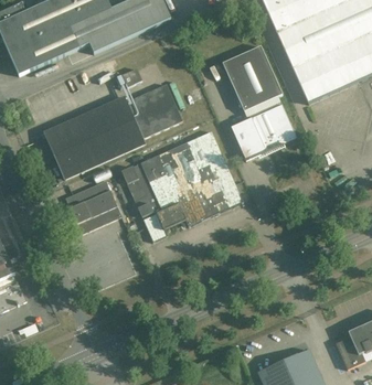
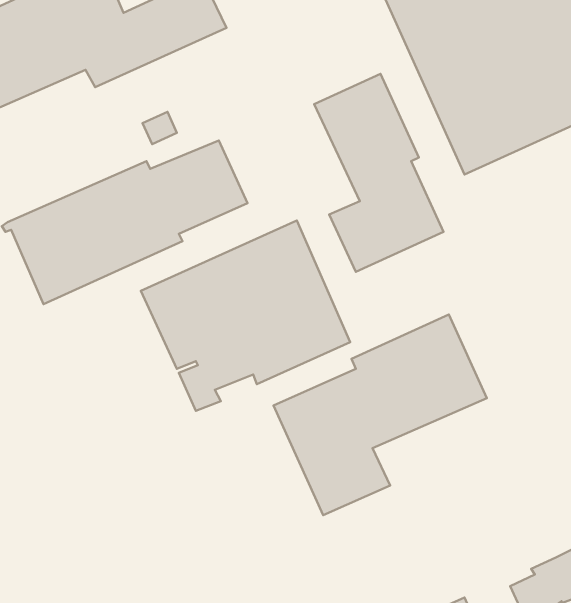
building: [65,180,121,234] -> none
building: none -> [274,315,487,515]

